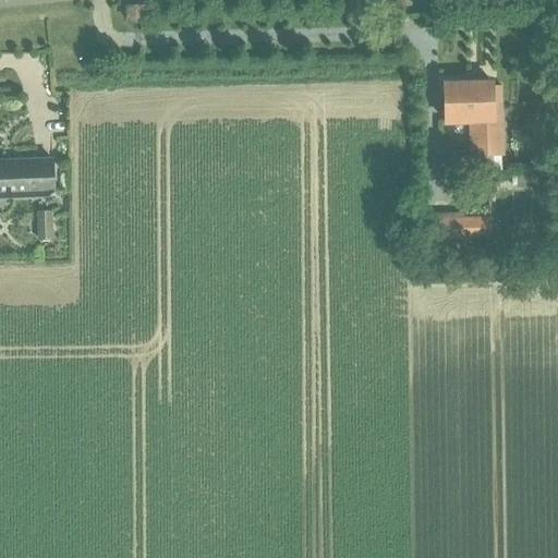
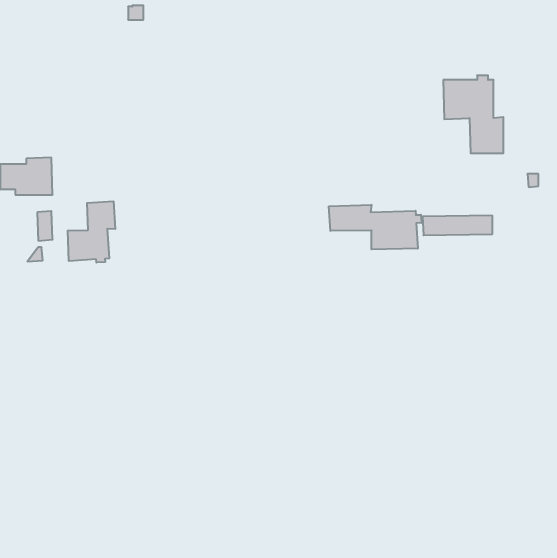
building: none -> [68,201,115,263]
building: none -> [329,205,421,249]

